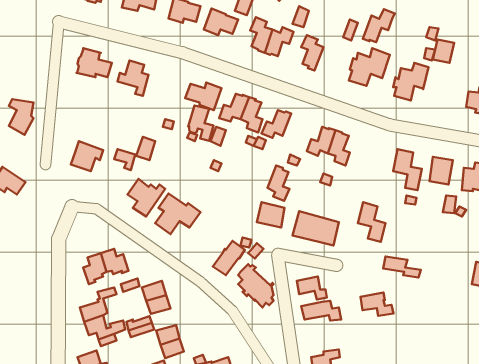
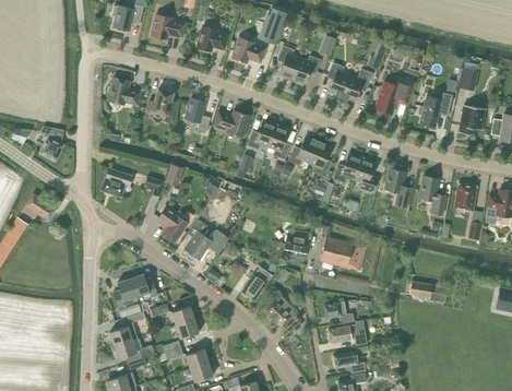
building: [363,9,395,42] -> [341,69,372,102]
building: none -> [459,105,485,135]
building: [188,105,213,141] -> [184,98,210,133]
building: [267,166,290,201] -> [309,141,331,176]
building: [358,202,385,242] -> [384,168,412,208]
building: [360,293,394,316] -> [333,351,366,374]

